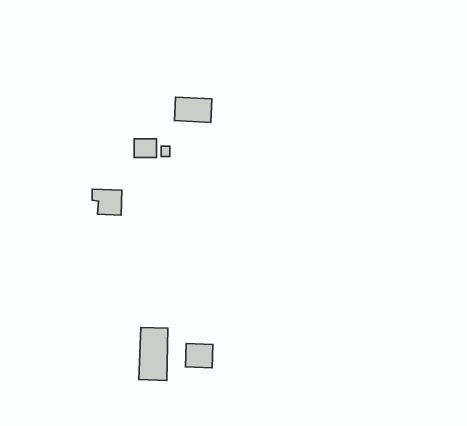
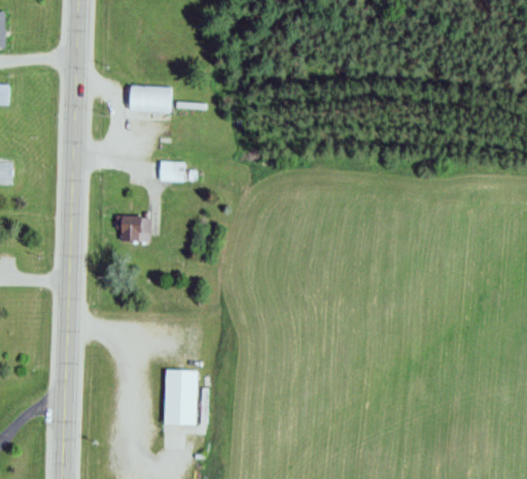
building: [174,97,212,122] -> [131,84,172,112]
building: [186,344,213,368] -> none

